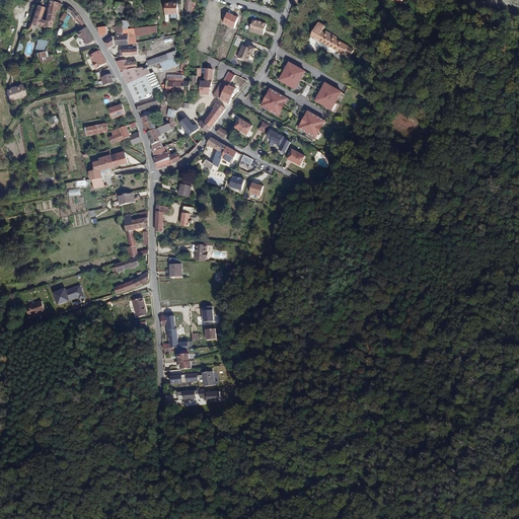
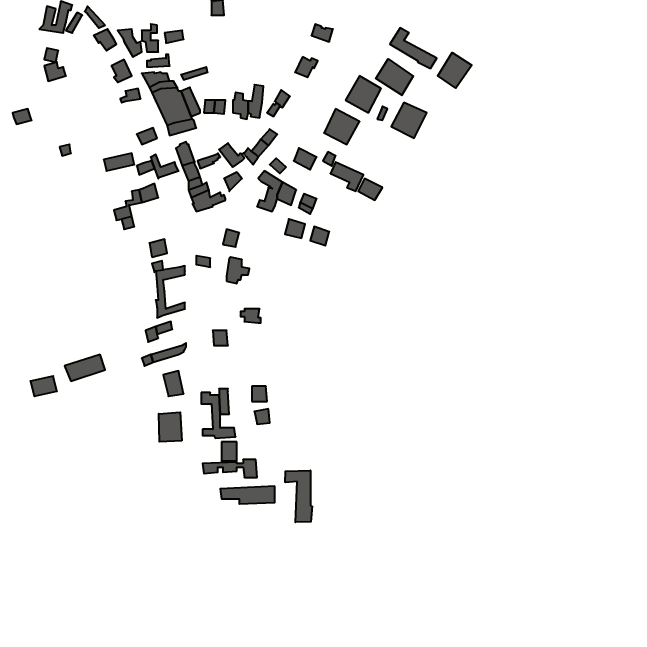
building: none -> [438,53,472,88]
building: none -> [376,59,413,95]
building: [297,110,325,138] -> none
building: none -> [159,412,182,442]
building: none -> [285,470,312,522]

